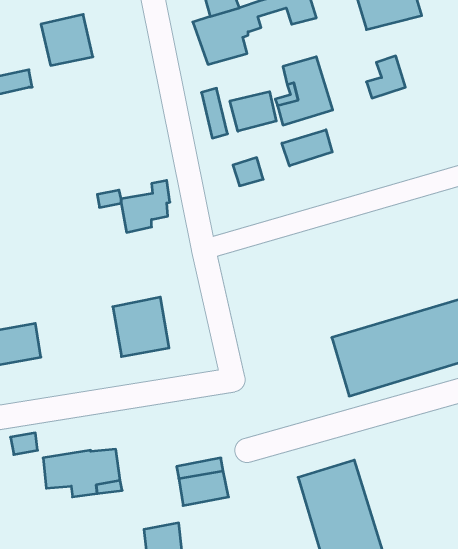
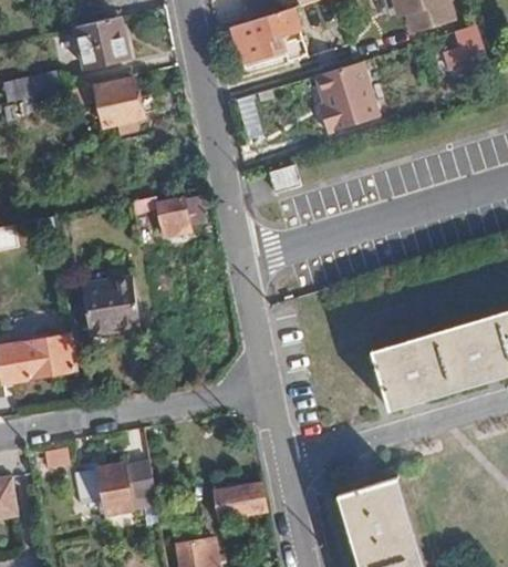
building: [366,56,405,98] -> [445,25,485,69]
building: none -> [63,81,154,134]
building: [230,92,276,131] -> none
building: [282,130,332,166] -> none
building: [113,297,169,357] -> [82,277,139,338]

